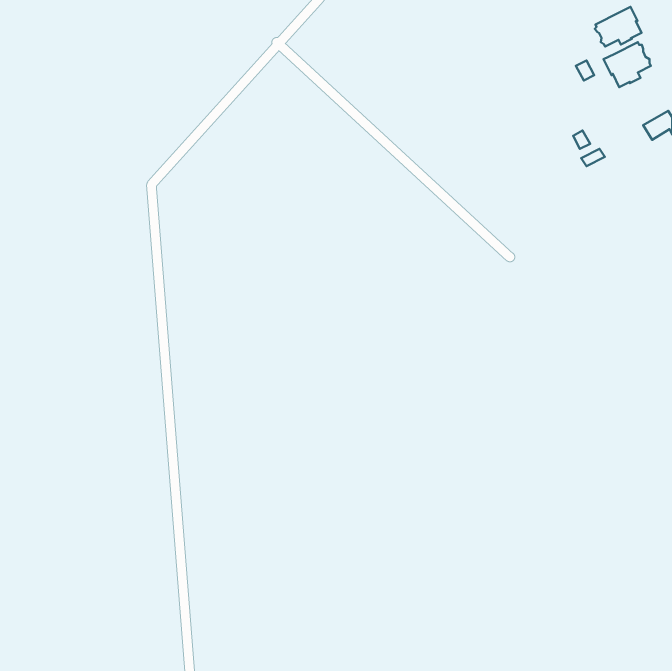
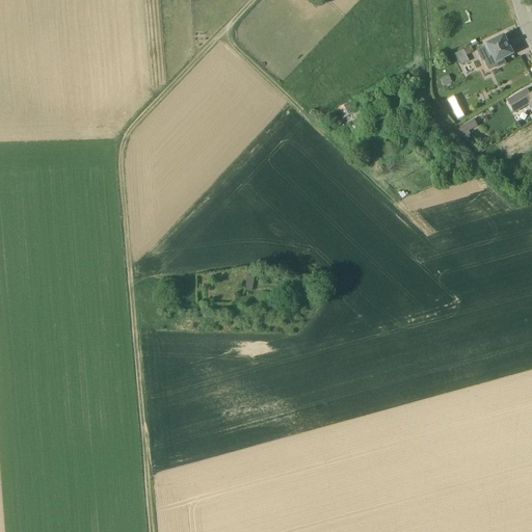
building: [595,7,642,46] -> none

